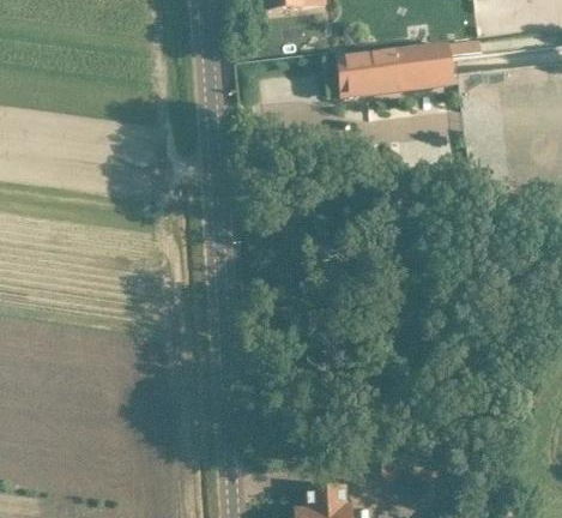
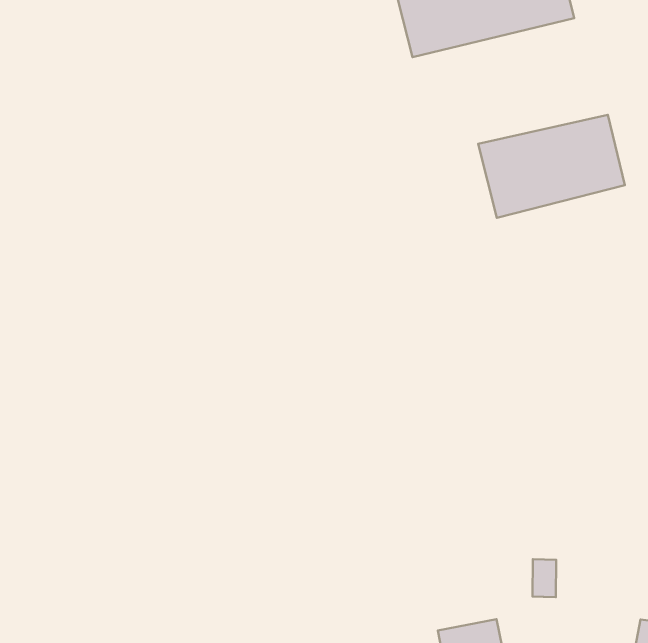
building: none -> [478,115,625,218]

